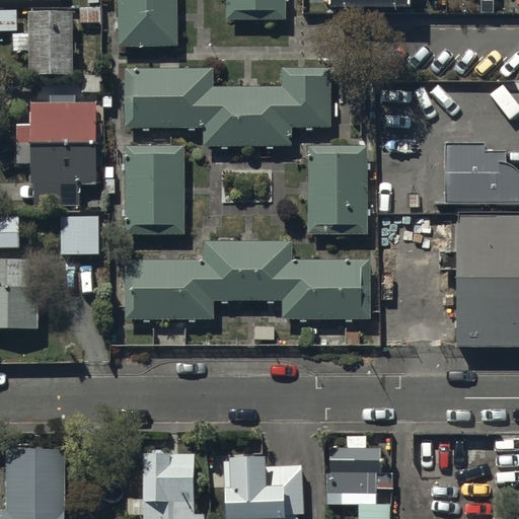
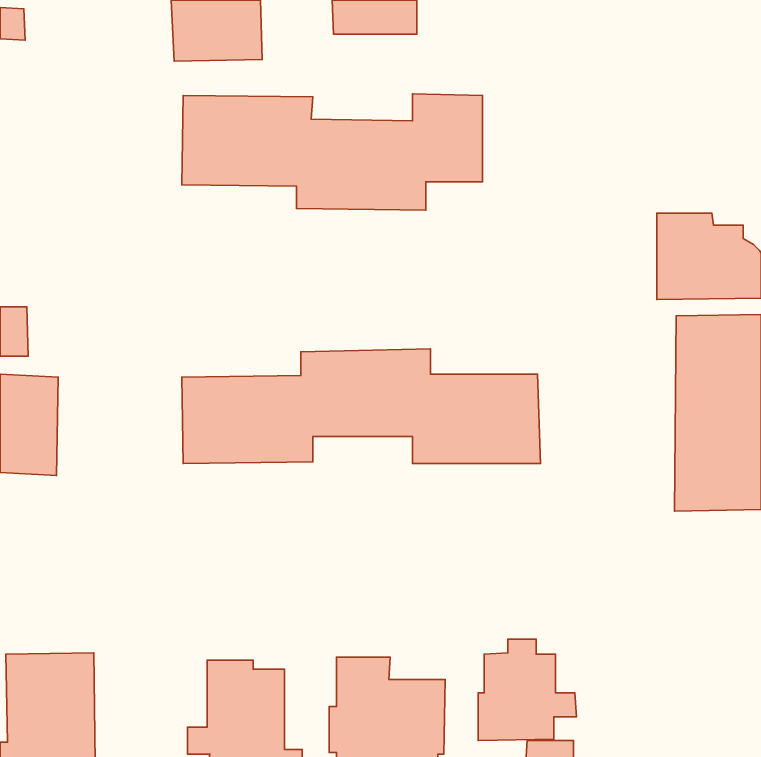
building: [12,7,72,73] -> none
building: [15,97,97,207] -> none
building: [124,142,183,235] -> none
building: [306,142,365,233] -> none
building: [58,216,99,253] -> none

